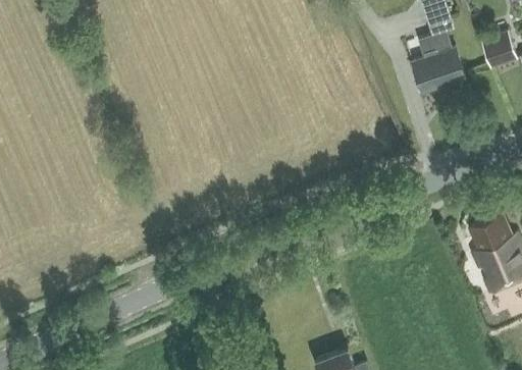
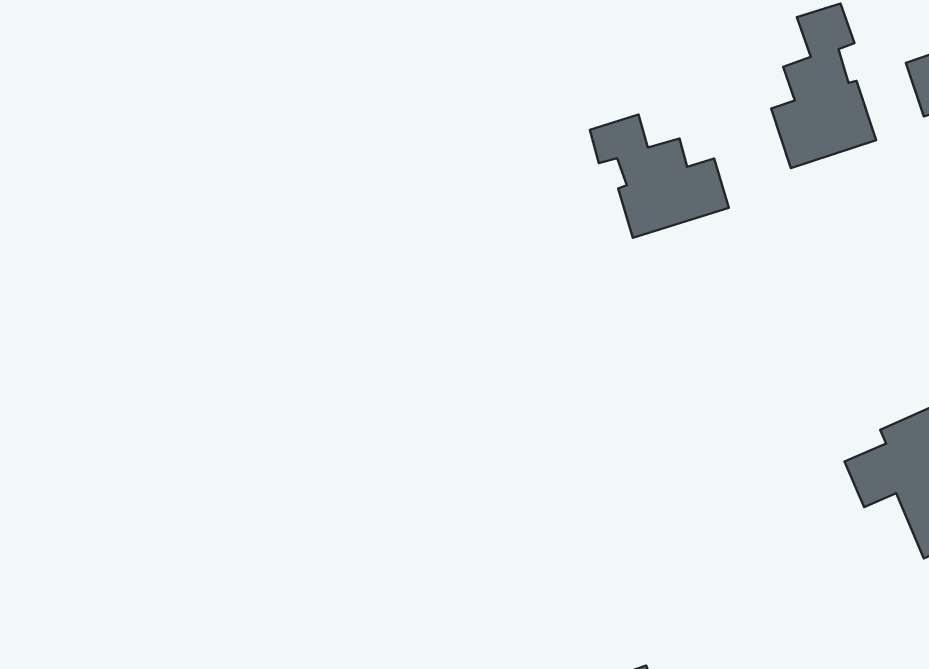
building: none -> [590,114,729,238]

